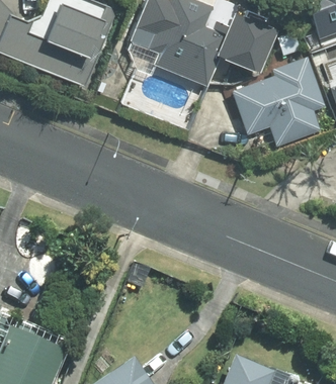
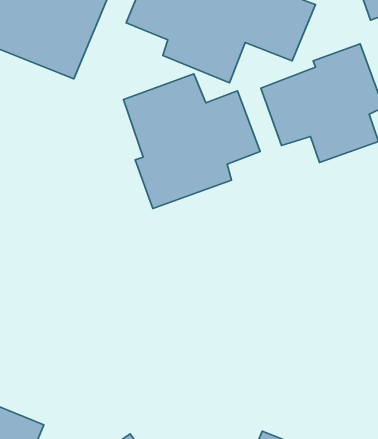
building: none -> [123,74,260,208]

